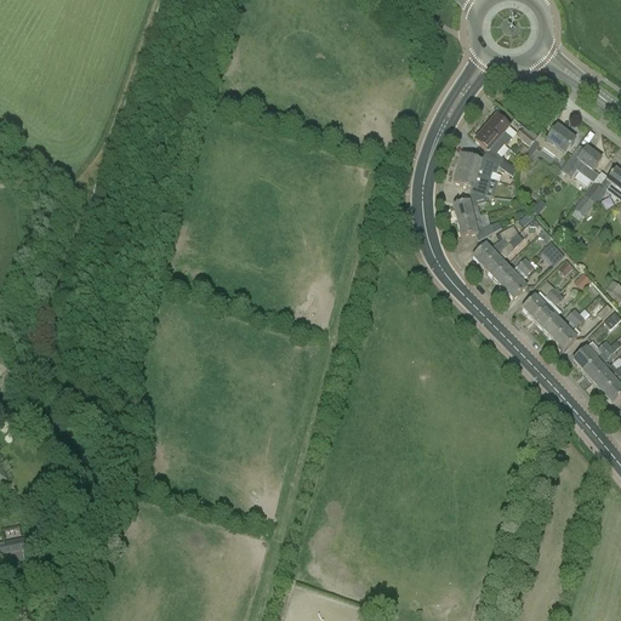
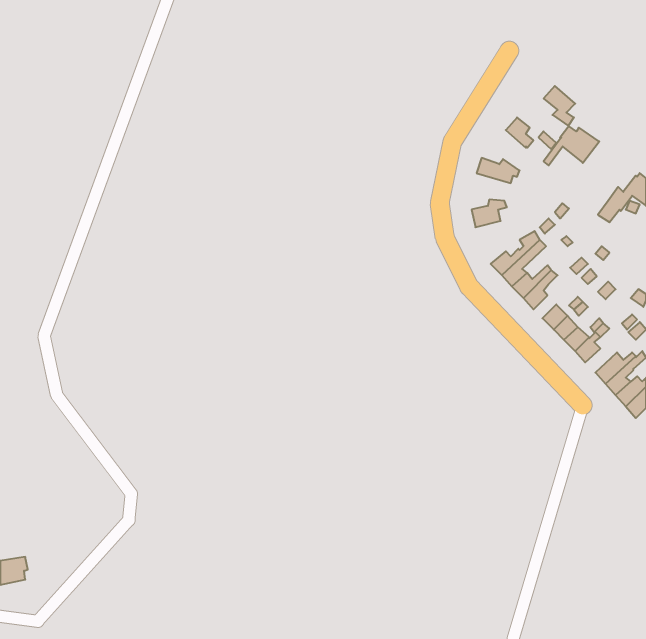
building: [474,125,505,164] -> [544,86,575,126]
building: [560,144,600,180] -> none
building: [454,166,490,193] -> none
building: [456,212,501,238] -> none

